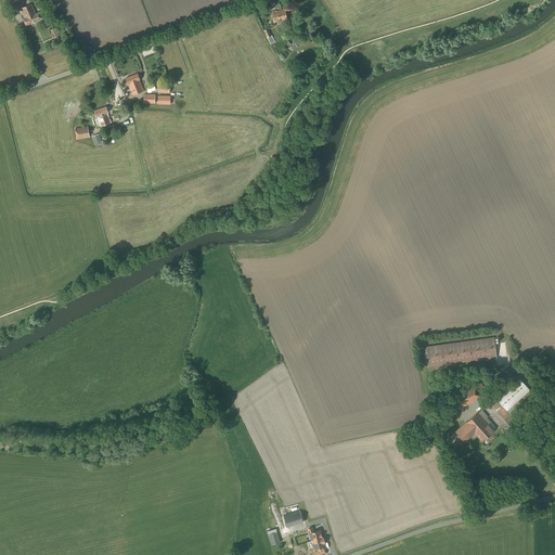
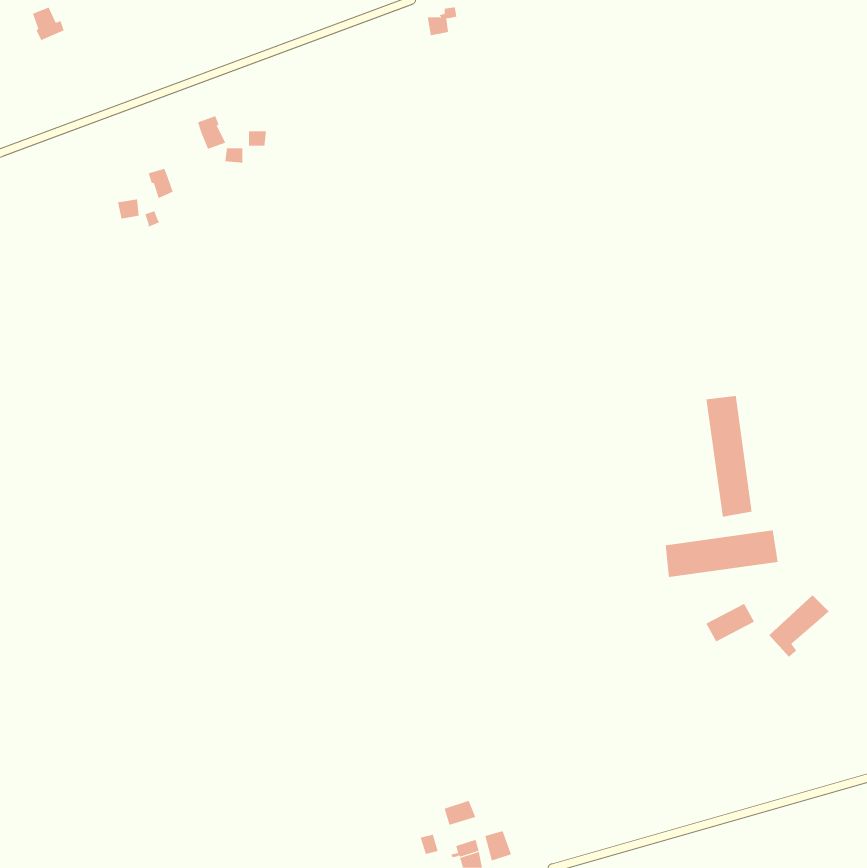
building: none -> [706,395,752,517]
building: [455,410,495,443] -> none

